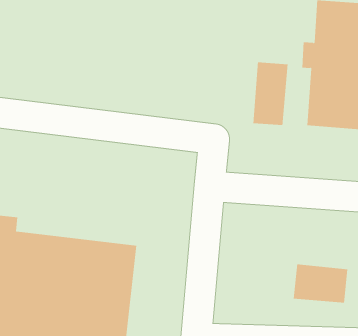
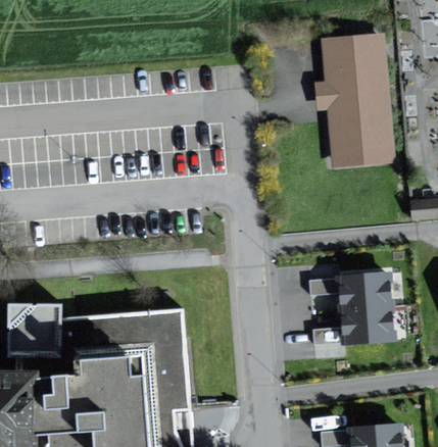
building: [253,62,288,126] -> none
building: none -> [341,269,397,308]

